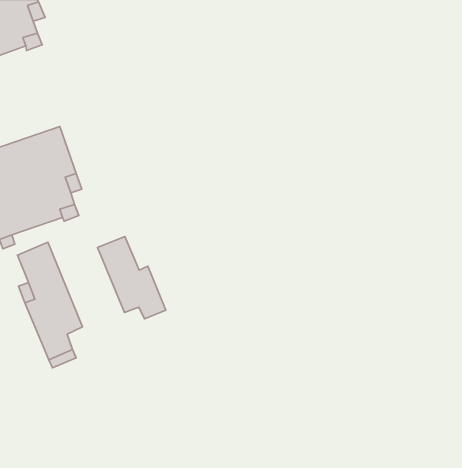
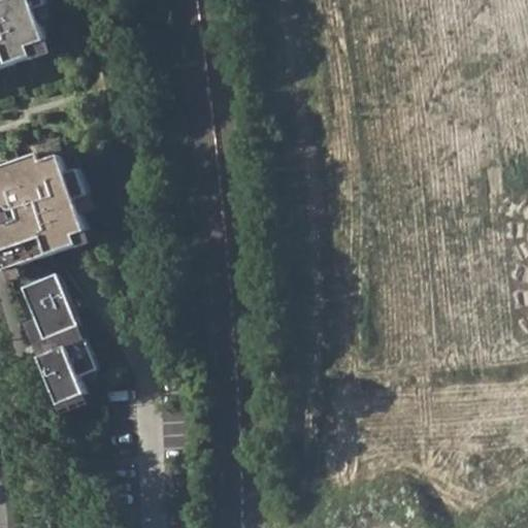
building: [98,236,166,319] -> none

